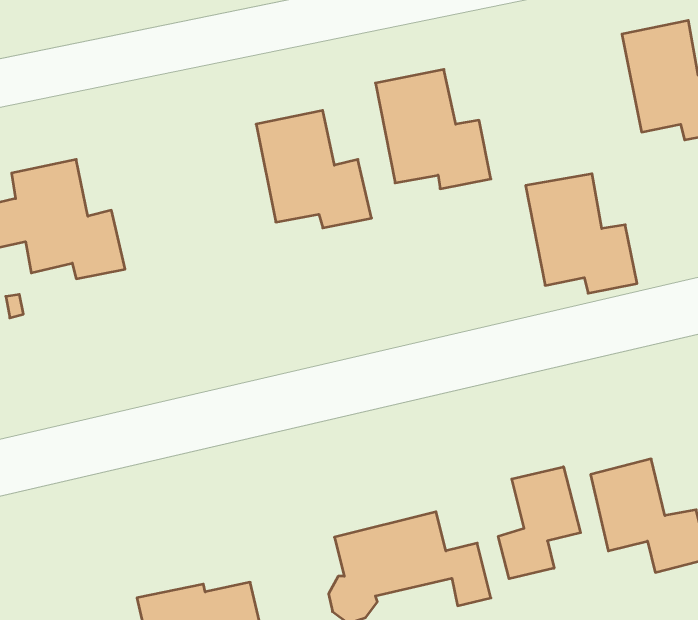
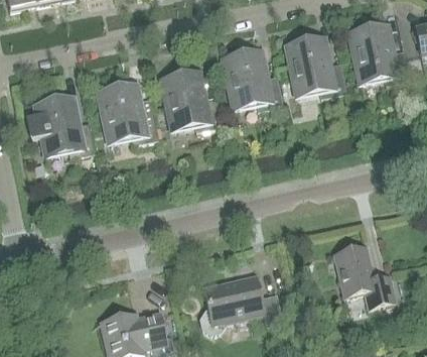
building: none -> [99,83,157,144]
building: [526,174,637,293] -> [288,36,345,98]
building: [498,467,581,579] -> none

